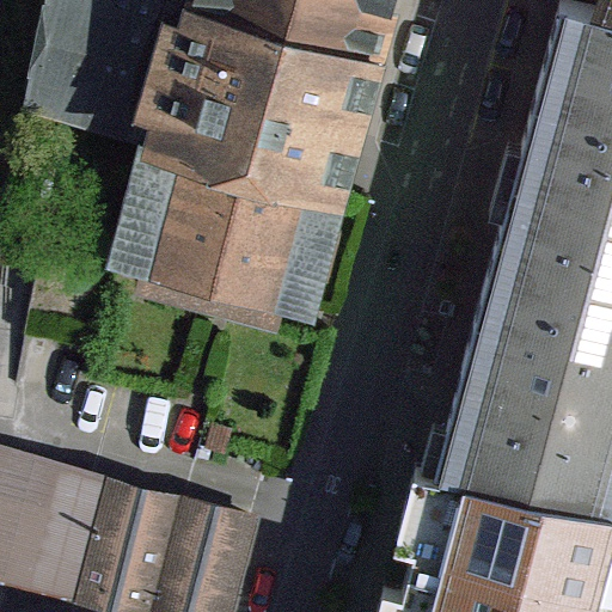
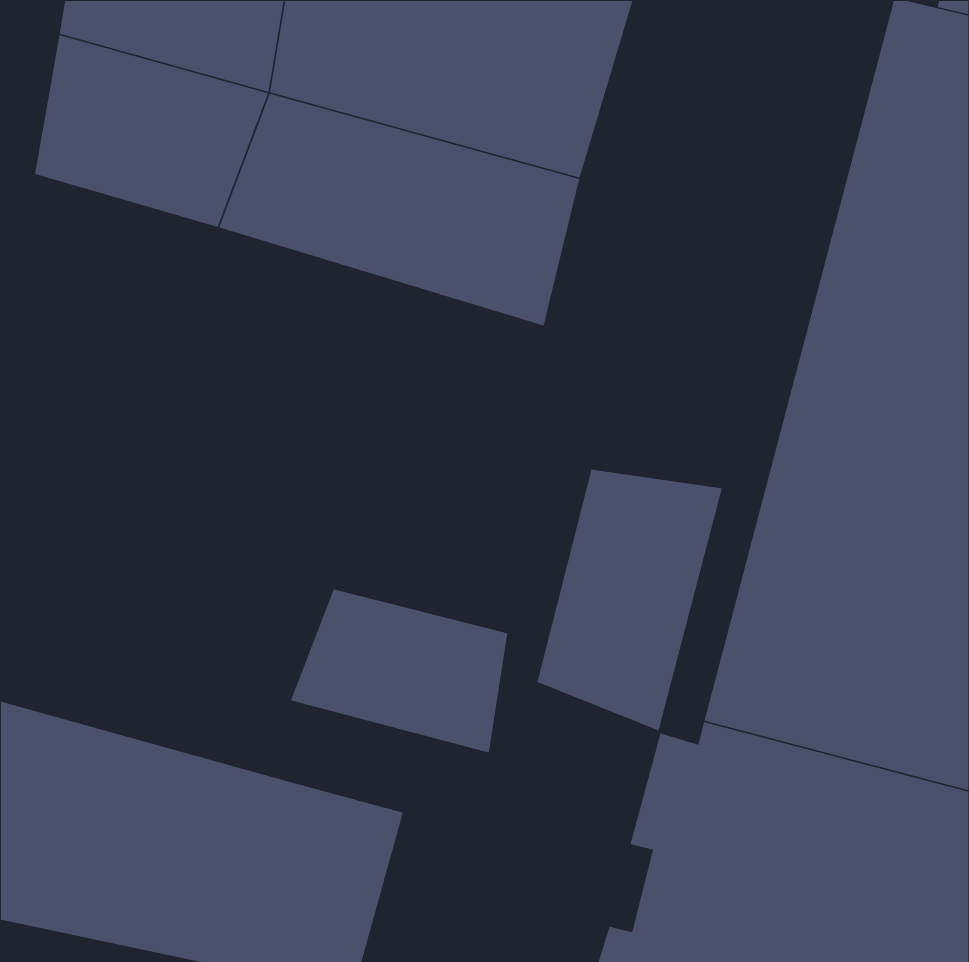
building: [108,148,343,320] -> none
building: none -> [536,469,723,731]
building: none -> [290,588,508,753]

